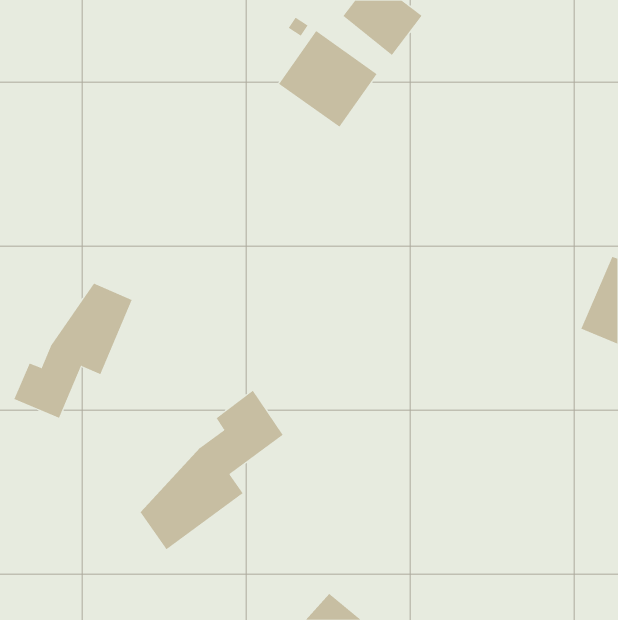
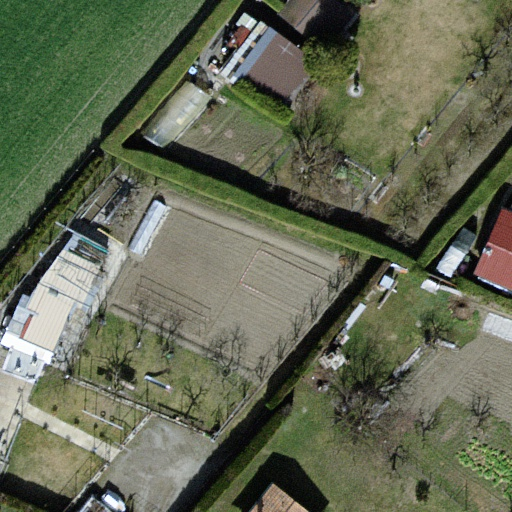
building: [140,390,284,550] -> none

